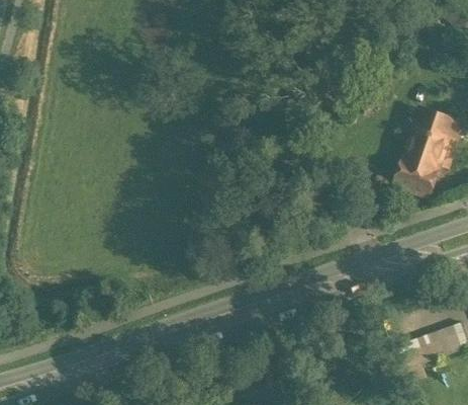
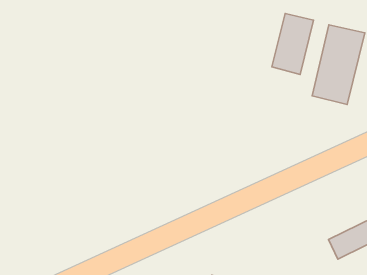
building: none -> [272,14,313,75]

